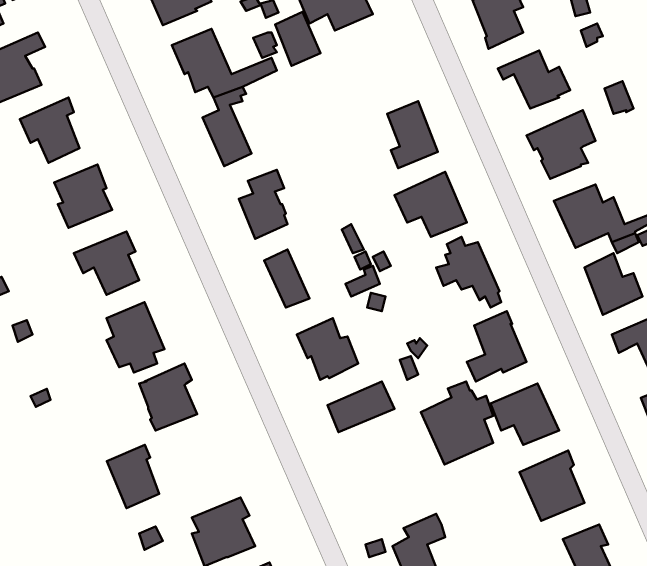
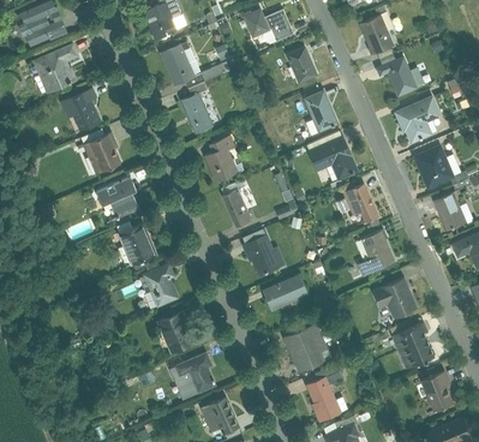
building: [275,12,321,66] -> [287,47,317,83]
building: [421,381,493,465] -> [283,317,331,372]
building: [107,445,159,508] -> [157,311,192,353]

